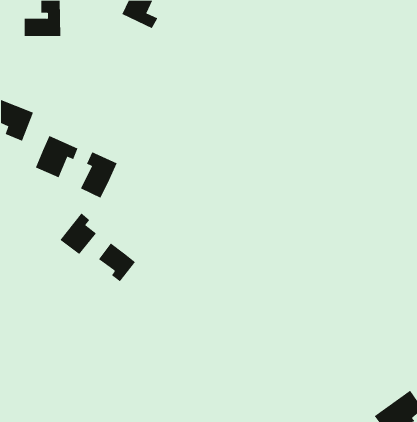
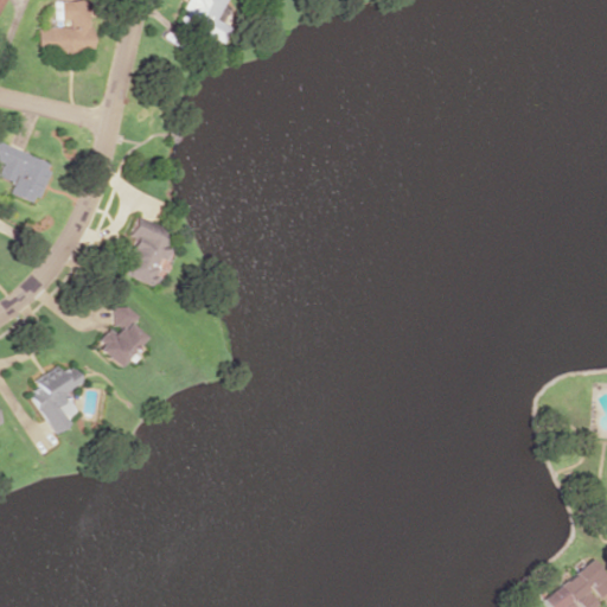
building: [35,135,78,178] -> none
building: [98,242,136,282] -> none
building: none -> [32,366,83,434]

